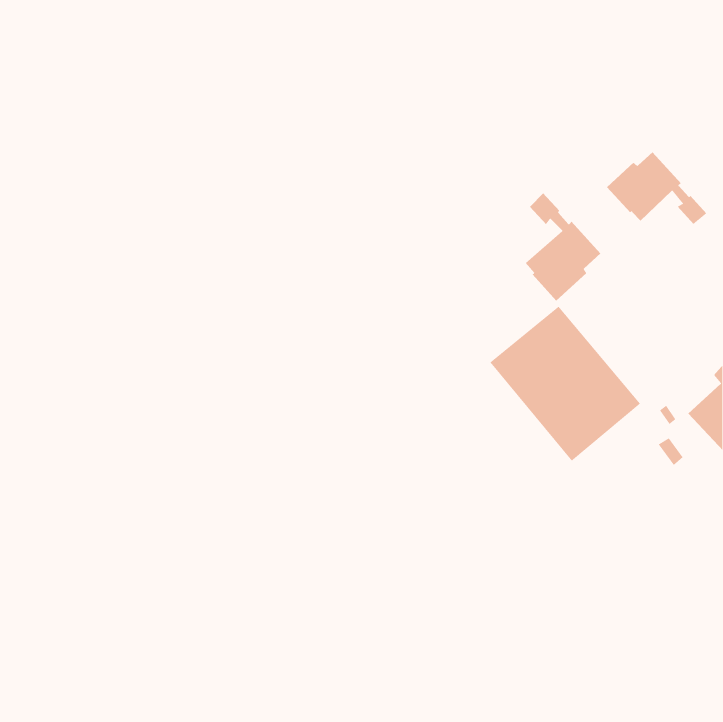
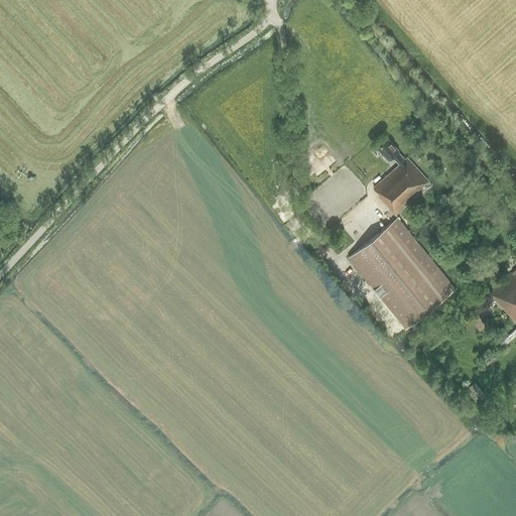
building: [606,151,707,225] -> none

